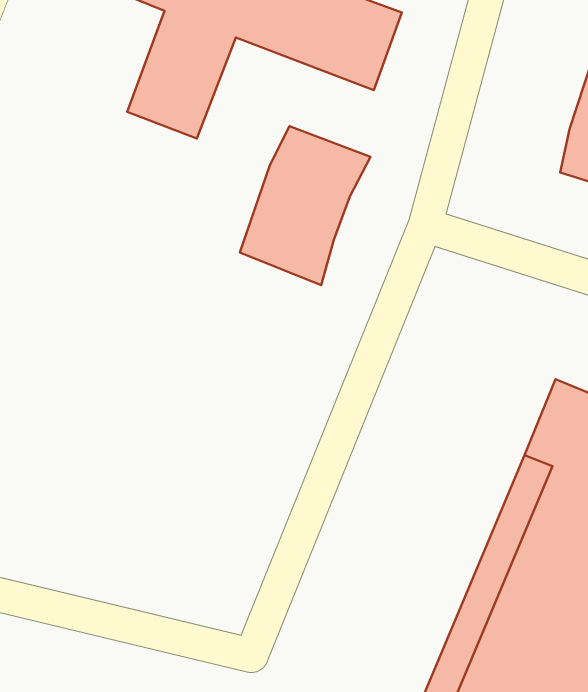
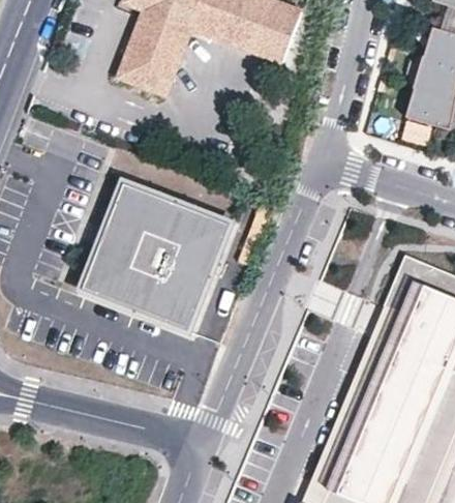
building: [240,126,370,285] -> none
building: none -> [83,183,232,330]

